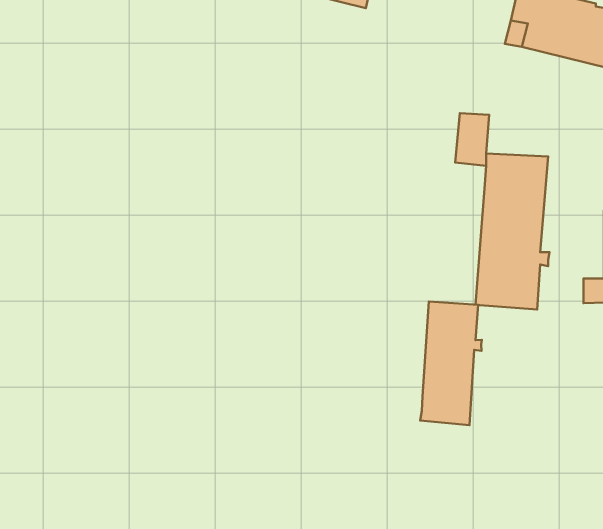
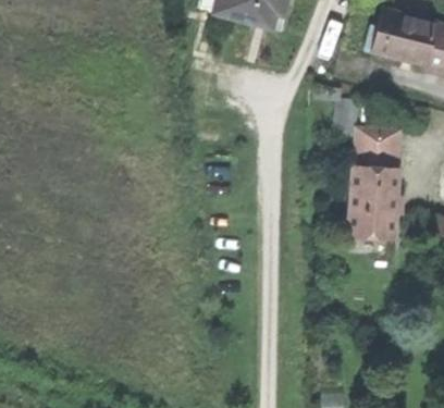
building: [420,302,482,425] -> none

